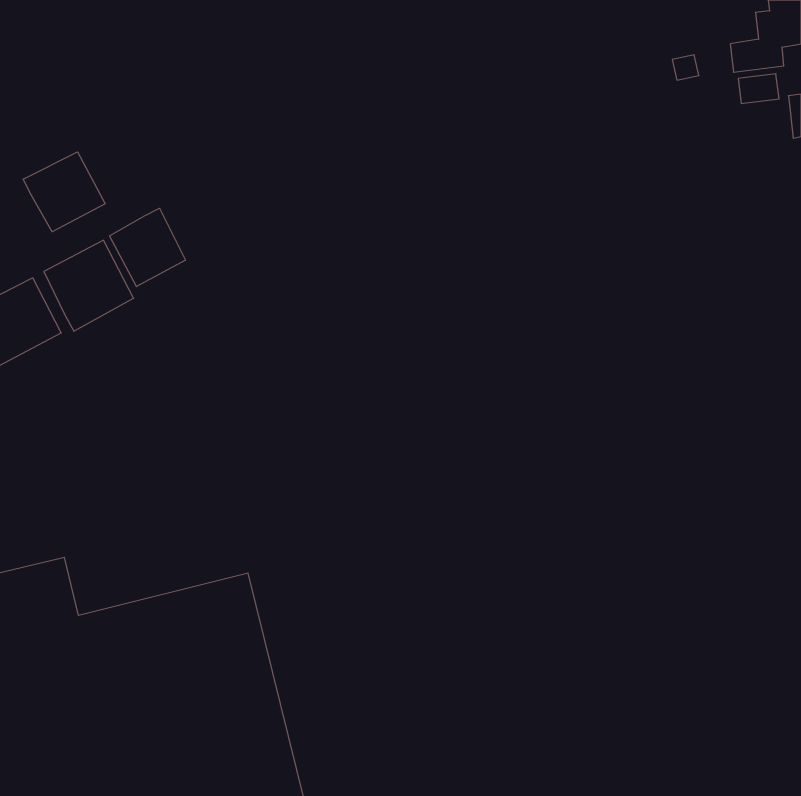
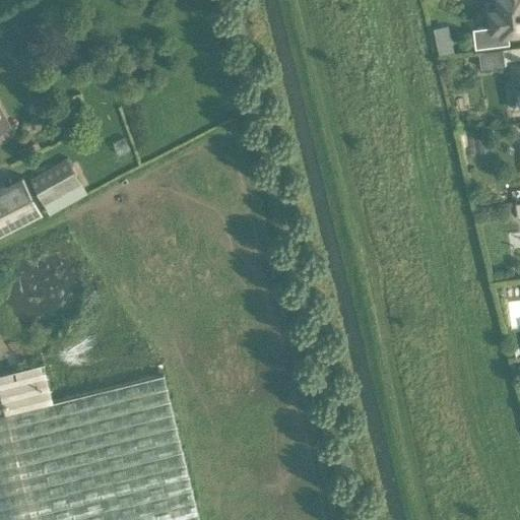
building: [23,152,105,232] -> none
building: [110,208,185,287] -> none

